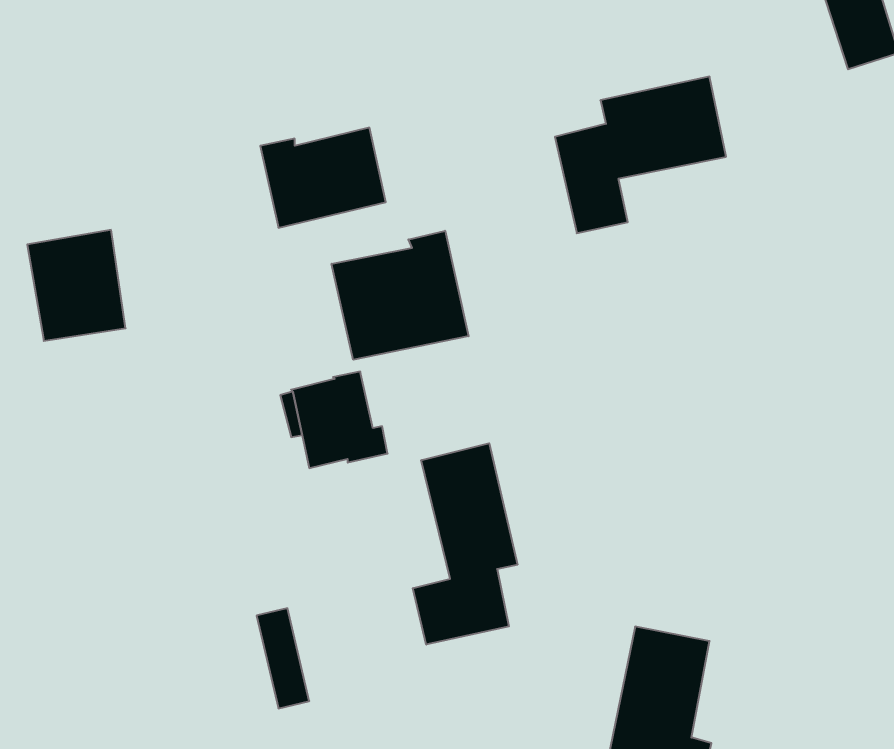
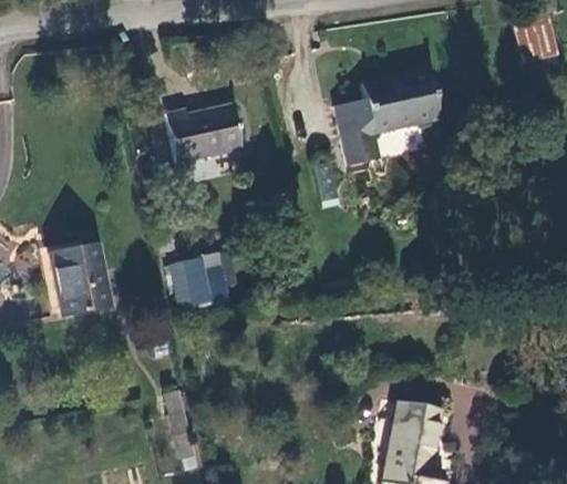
building: [27,230,126,341] -> [50,247,110,315]
building: [332,231,469,360] -> none
building: [413,443,517,645] -> none

